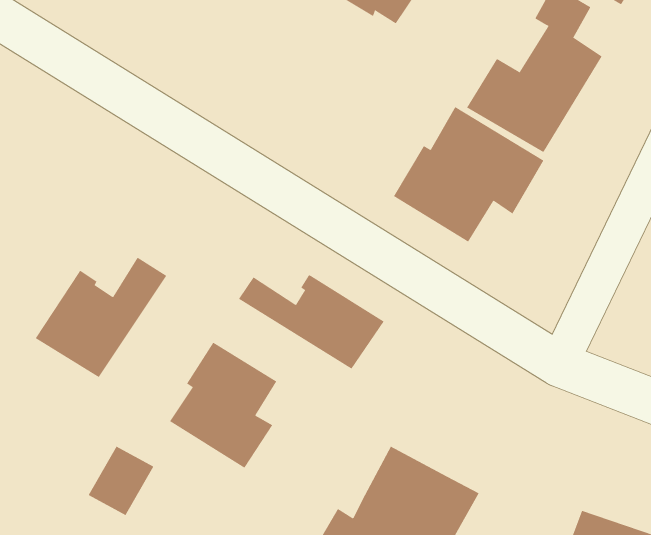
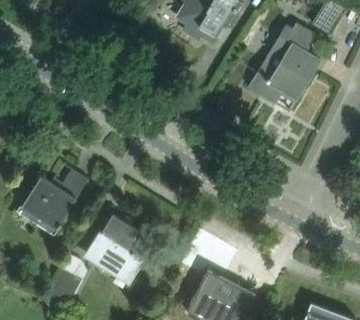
building: [393,106,544,243] -> none
building: [238,274,385,369] -> none

